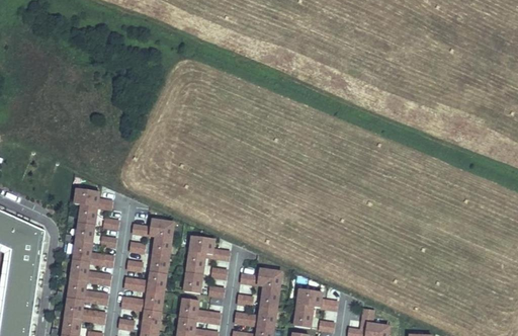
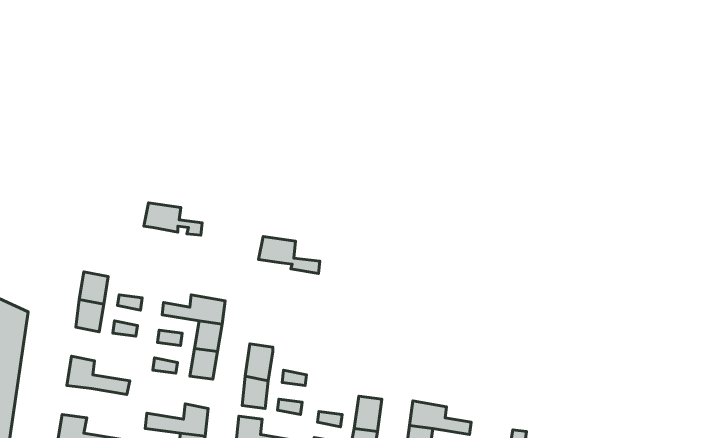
building: [75,187,113,208] -> [144,203,202,235]
building: [190,236,231,260] -> [258,237,320,273]
building: [73,240,114,265] -> none
building: [238,269,279,287] -> none
building: [123,272,166,293] -> none
building: [67,278,108,304] -> none

